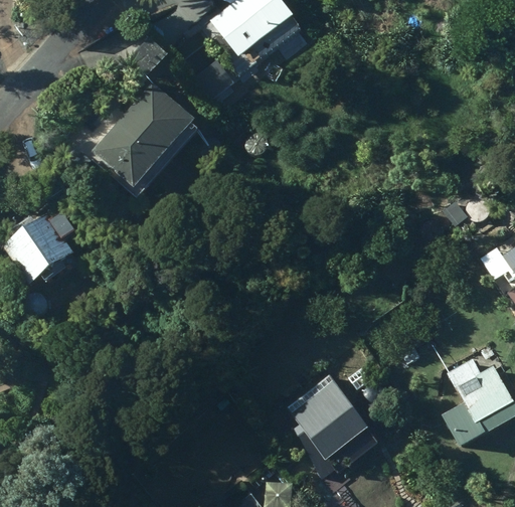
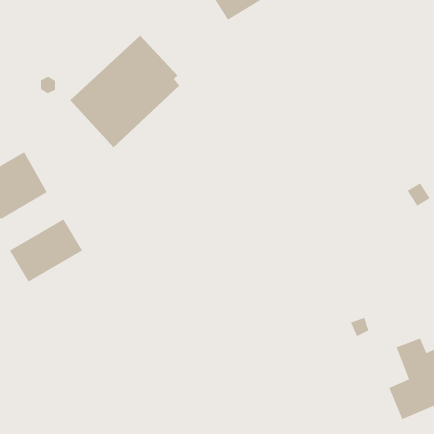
building: none -> [9,219,83,282]
building: [284,379,369,461] -> none

